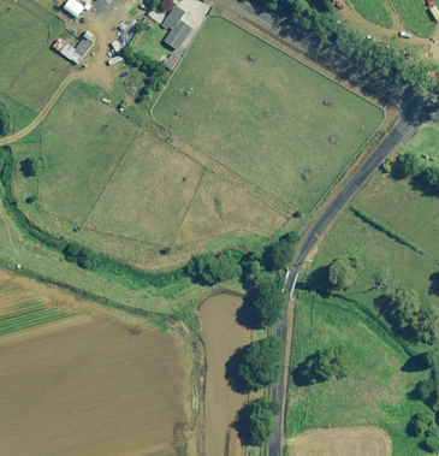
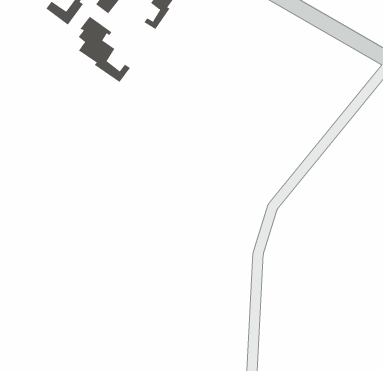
building: none -> [78,16,131,83]

